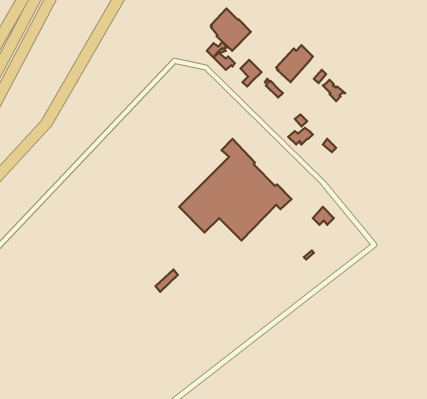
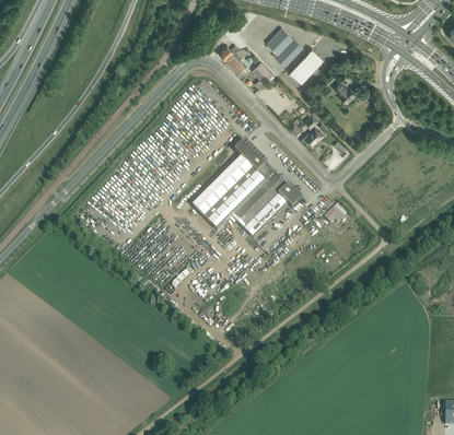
building: [211,8,251,51] -> [265,26,304,68]

